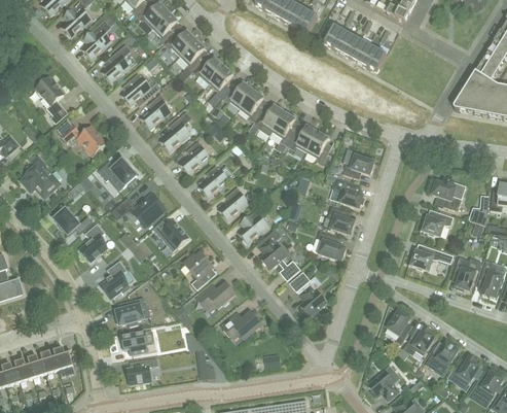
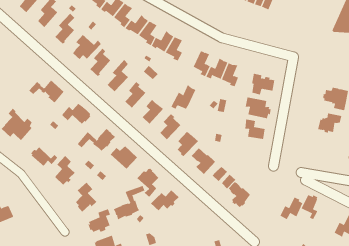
building: [36,76,63,114] -> none
building: [249,103,284,135] -> [171,84,196,110]
building: [317,231,345,261] -> none
building: [407,245,451,270] -> none
building: none -> [113,185,145,220]
building: [221,312,260,338] -> none
building: [402,326,434,354] -> [279,197,303,220]

